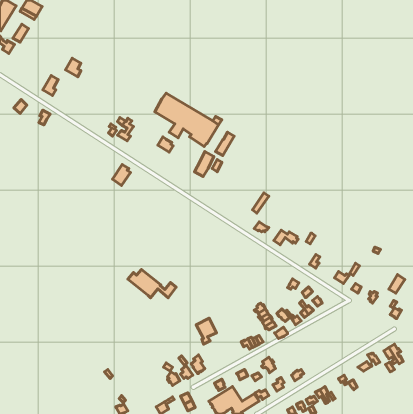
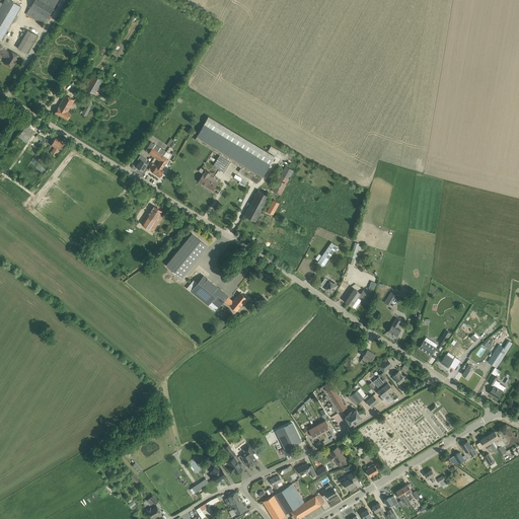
building: none -> [165,233,207,277]
building: [128,269,176,298] -> [186,276,246,311]
building: [196,318,217,344] -> [275,423,300,455]

